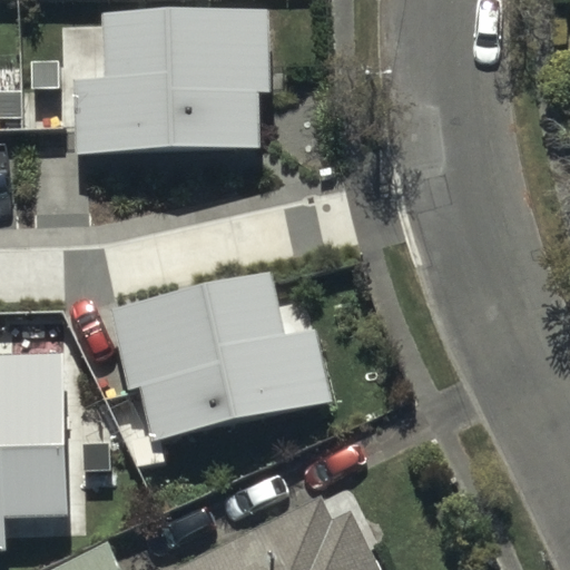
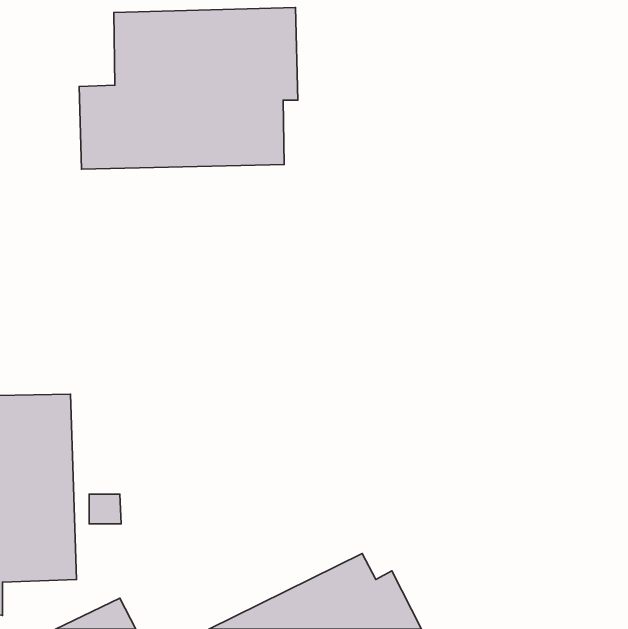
building: [107,268,330,441] -> none

